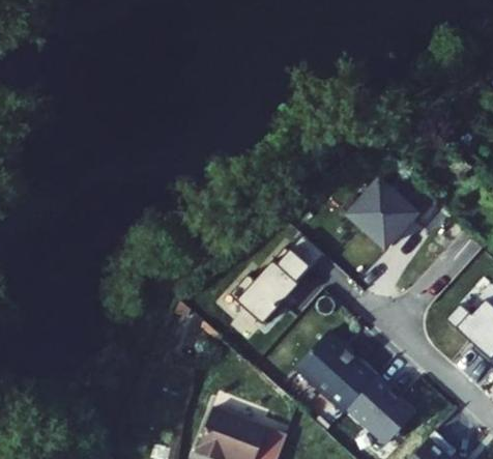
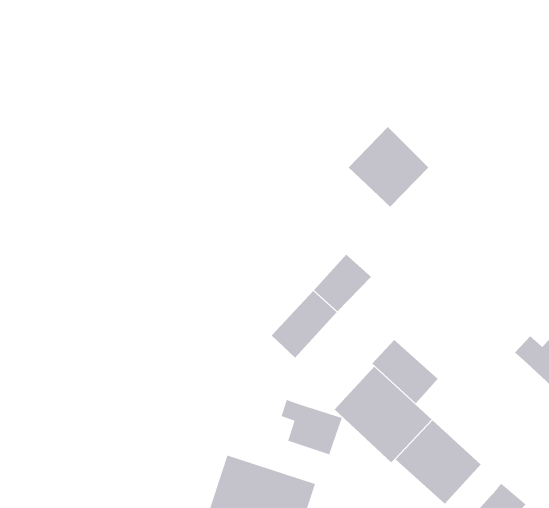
building: [349,180,418,250] -> [348,126,429,208]
building: none -> [372,339,439,404]
building: none -> [281,399,342,455]

